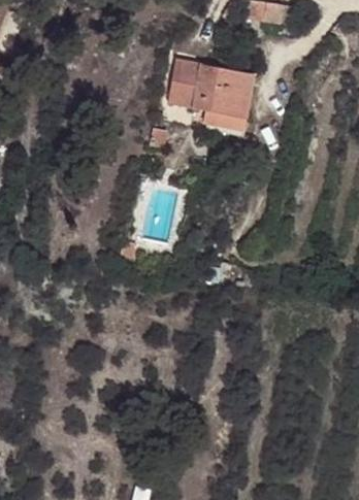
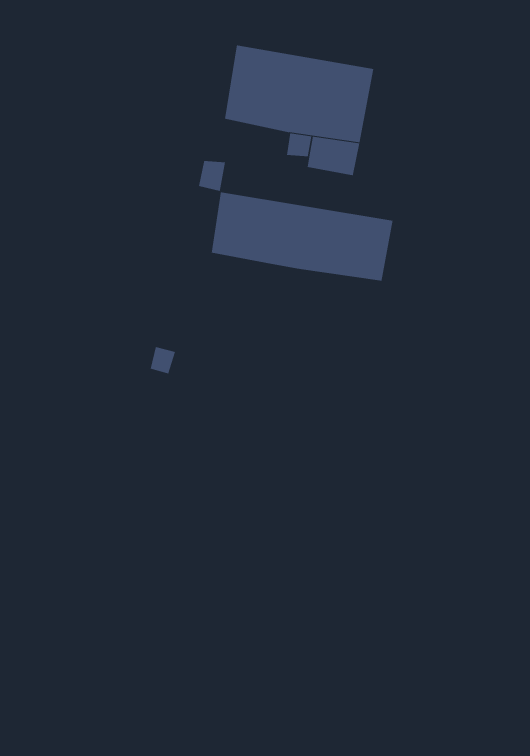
building: none -> [211,191,393,281]

